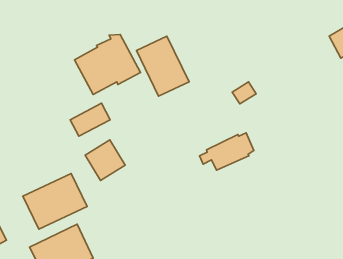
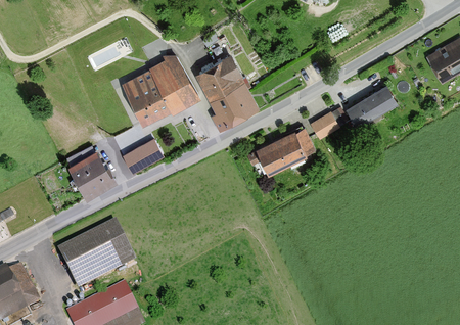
building: none -> [348,84,397,125]
building: [200,133,254,170] -> [248,127,314,172]
building: [85,140,125,180] -> [68,149,117,198]

